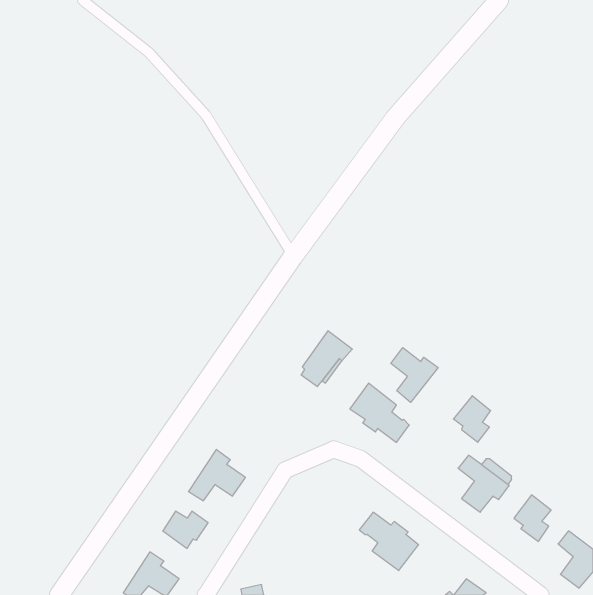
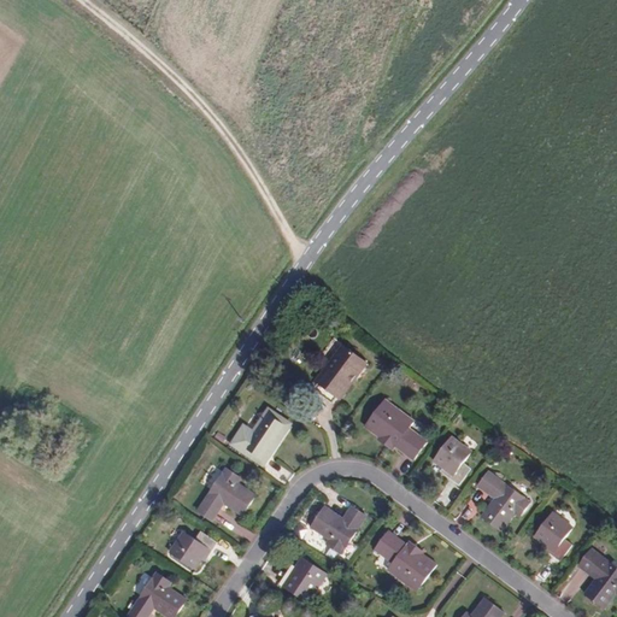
building: [391,348,438,402] -> none
building: none -> [242,407,287,460]
building: [453,396,491,442] -> [430,435,469,483]
building: none -> [310,505,366,554]
building: none -> [281,556,327,600]

